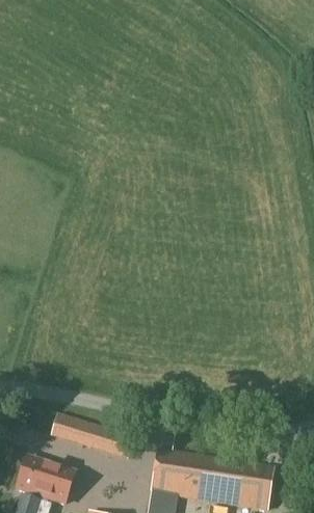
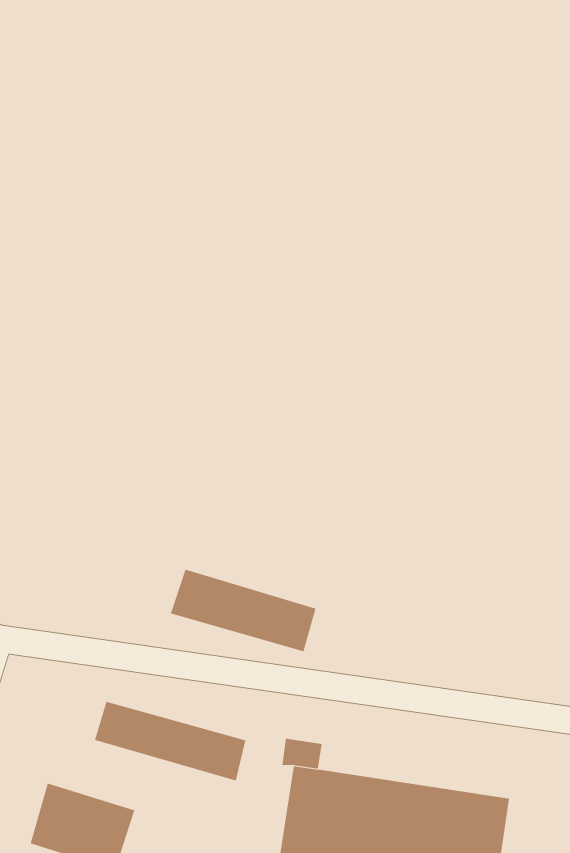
building: none -> [170,569,316,652]

